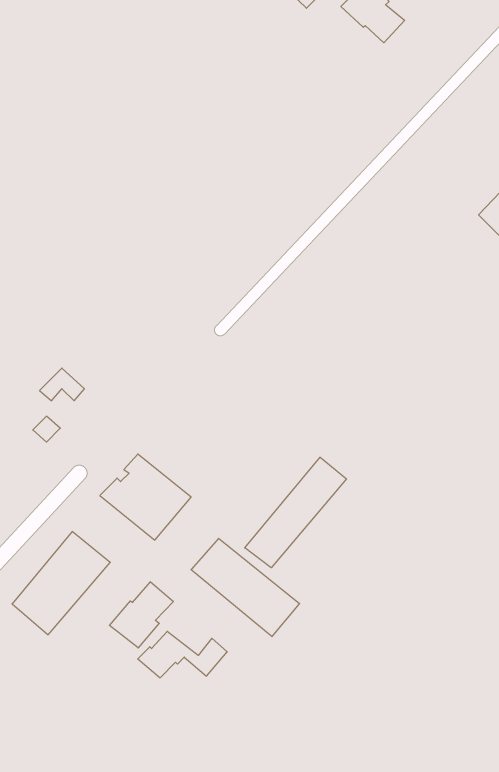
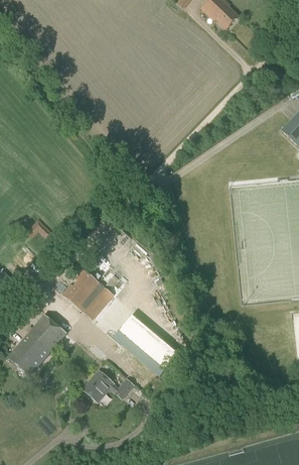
building: [245,457,346,568] -> none
building: [109,582,173,648] -> none

